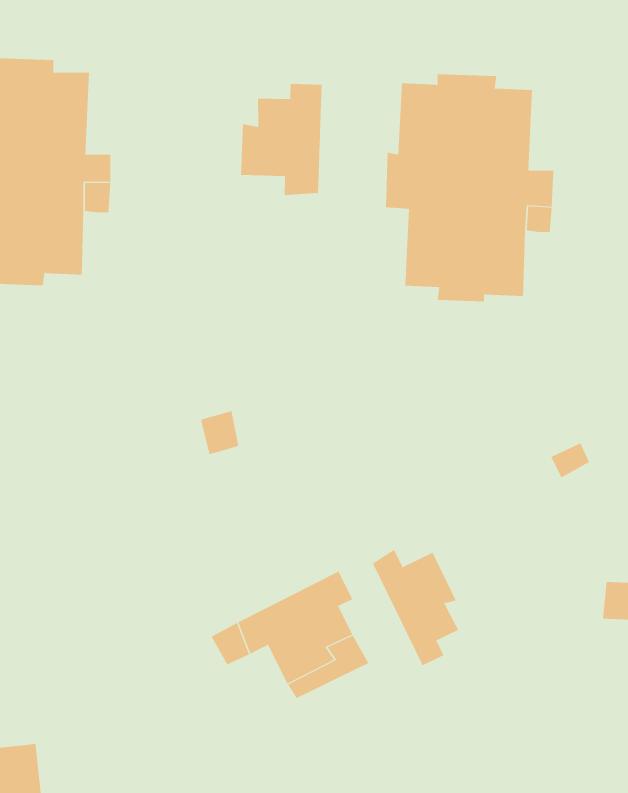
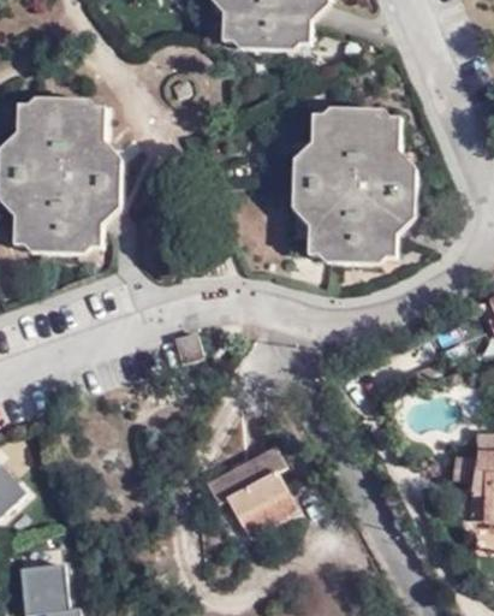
building: [240,83,322,196] -> none
building: [372,549,459,666] -> none

